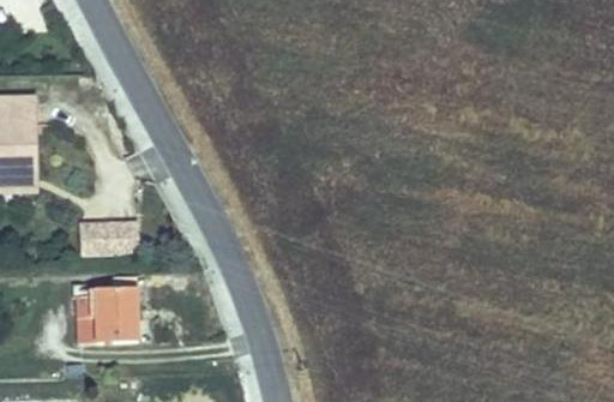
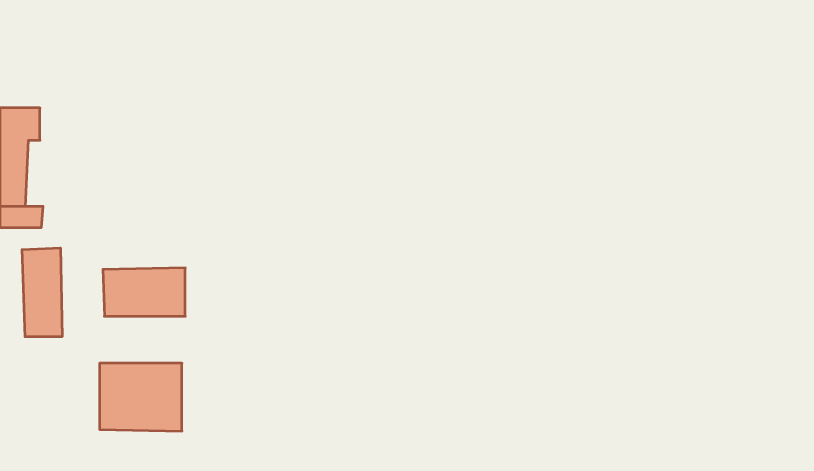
building: none -> [22,248,62,337]

